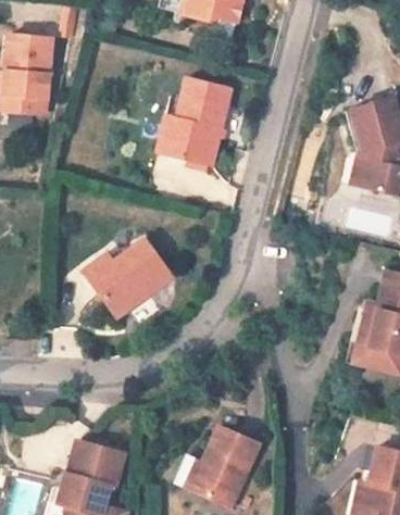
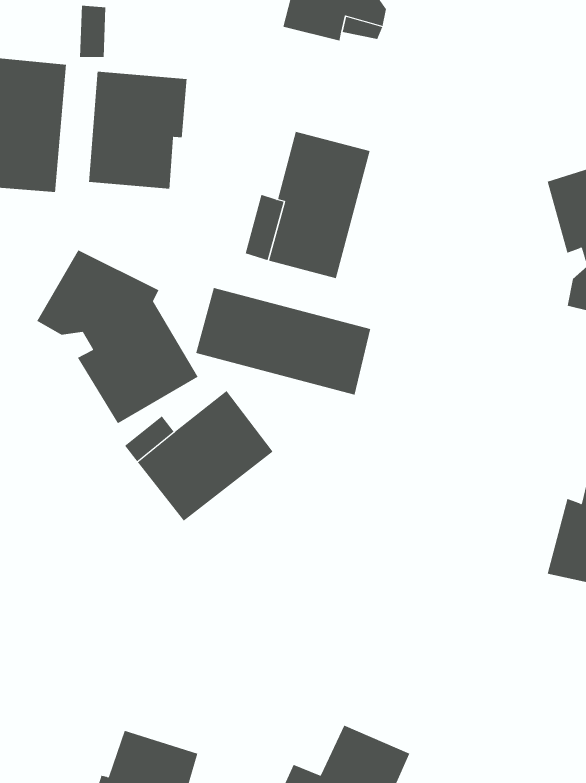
building: none -> [89,71,187,189]
building: none -> [36,250,198,424]
building: none -> [195,287,371,395]

